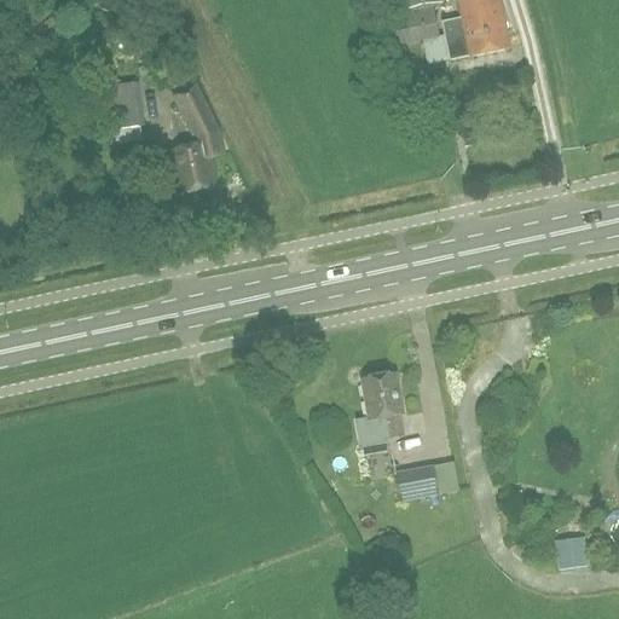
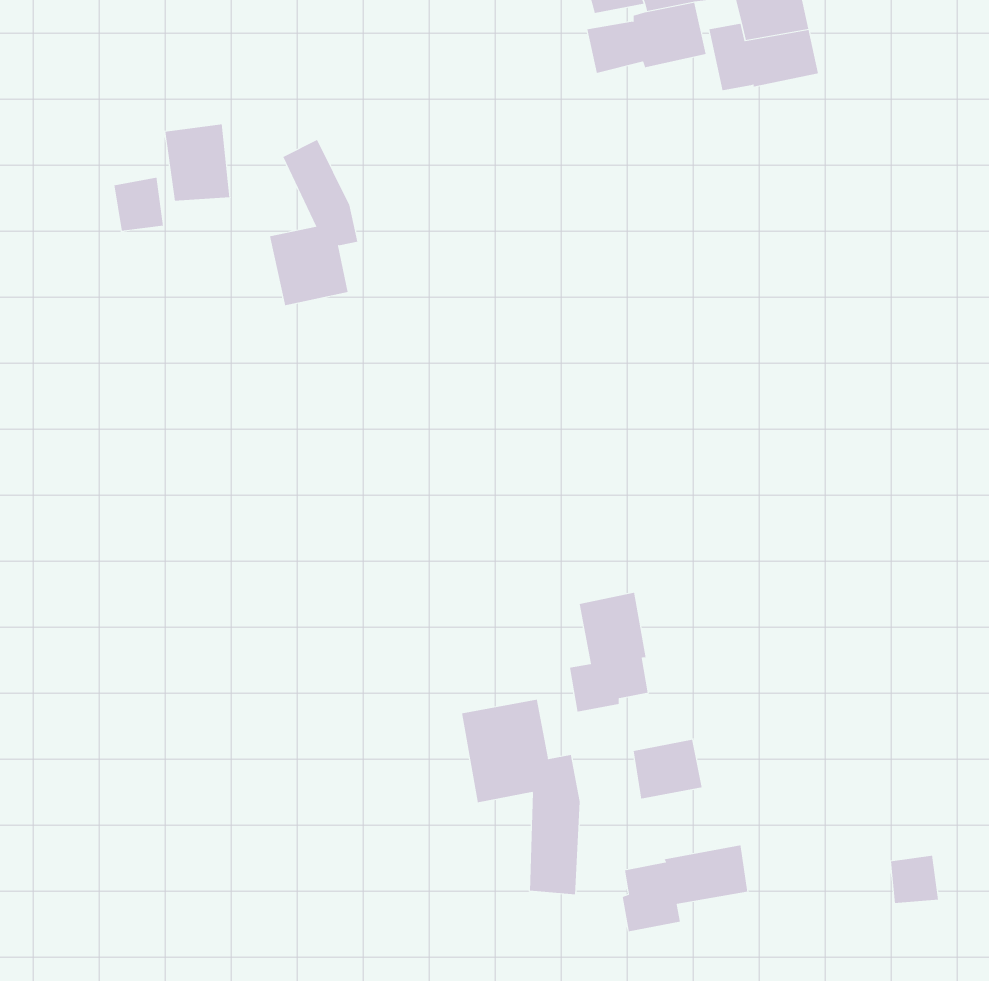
building: none -> [114,177,163,232]
building: none -> [461,699,580,895]
building: none -> [622,844,748,932]

